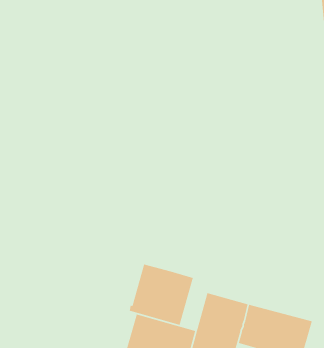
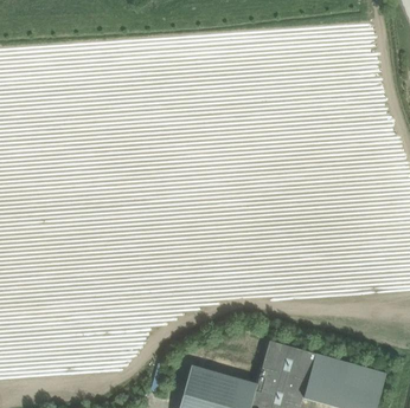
building: [129,263,194,326] -> none

